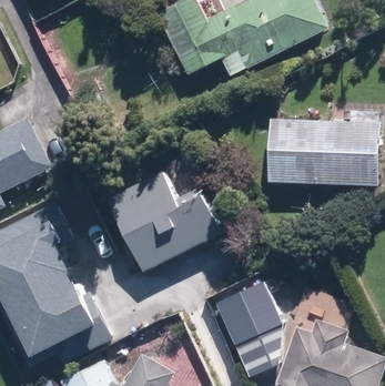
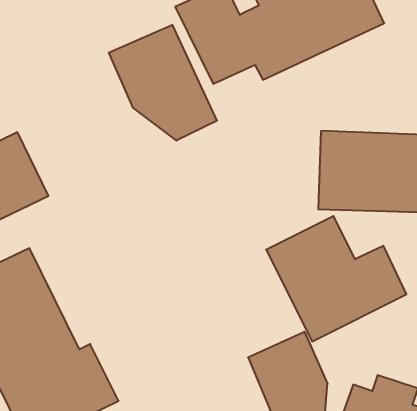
building: none -> [109,25,217,141]
building: [110,166,225,270] -> [266,216,406,341]

